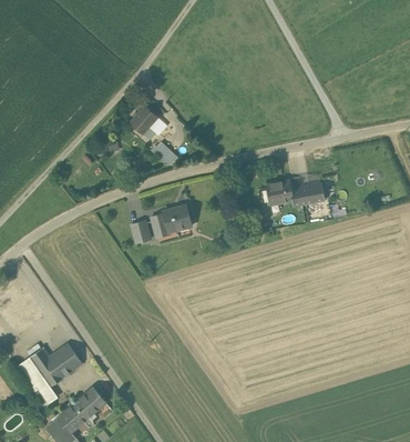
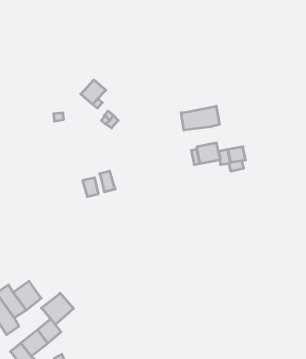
building: none -> [181,106,219,130]
building: [164,205,193,232] -> none
building: none -> [41,293,74,324]

